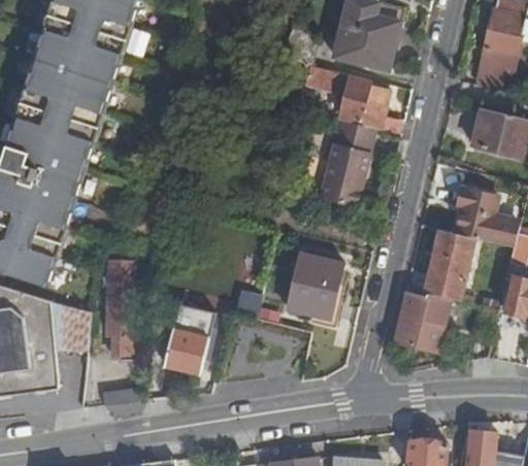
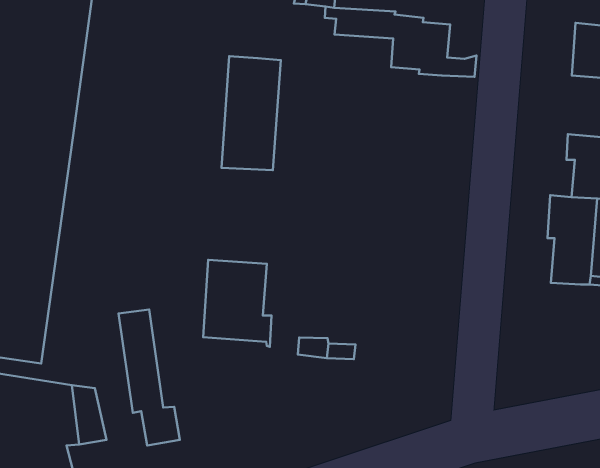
building: [319,119,375,207] -> [222,56,281,170]
building: [287,253,342,324] -> [203,260,271,347]
building: [395,291,451,350] -> none
building: [163,331,207,373] -> none

